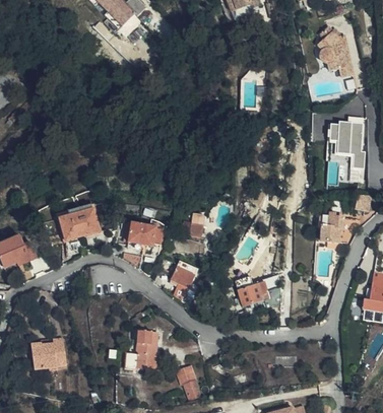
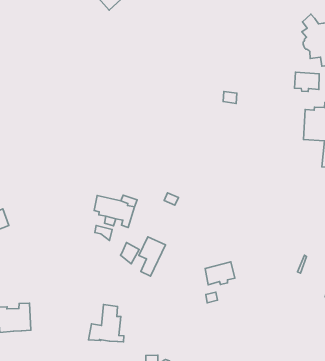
building: none -> [295,72,319,91]
building: [59,209,100,242] -> none
building: [319,213,344,242] -> none

